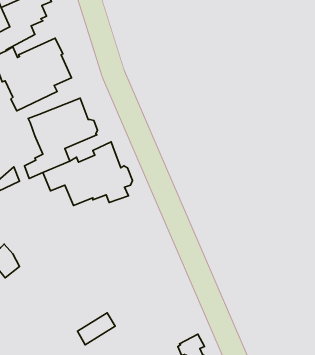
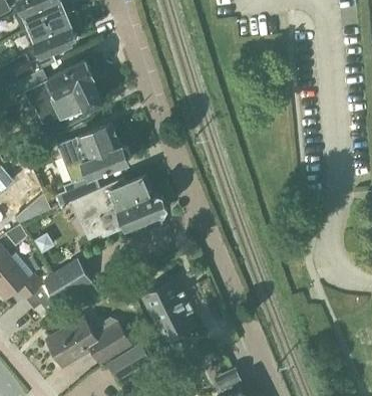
building: none -> [39,257,89,303]
building: none -> [142,281,193,339]
building: none -> [44,317,131,367]

